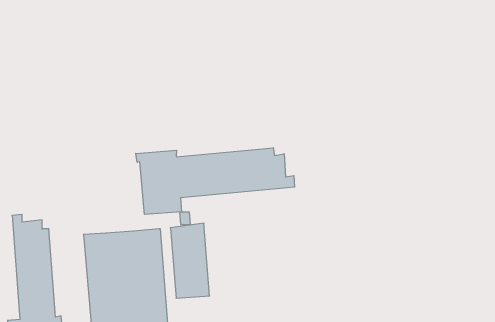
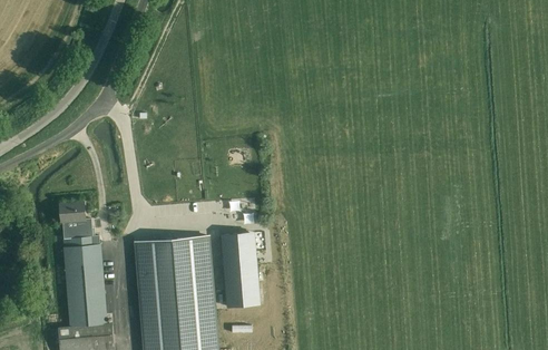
building: [136,148,295,214] -> none
building: none -> [59,202,86,223]

